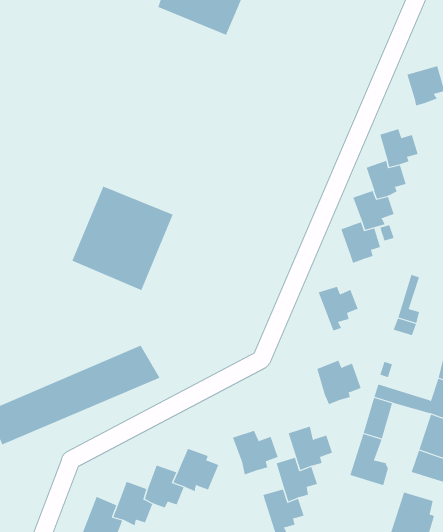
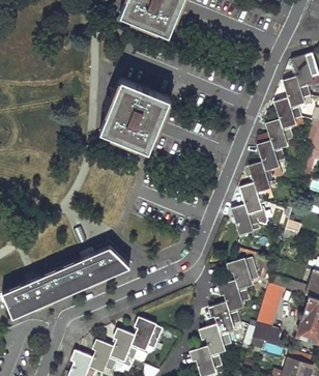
building: none -> [283,77,310,104]
building: [72,186,173,291] -> [99,79,170,151]
building: none -> [238,184,267,211]
building: [232,430,279,475] -> [220,281,252,312]

